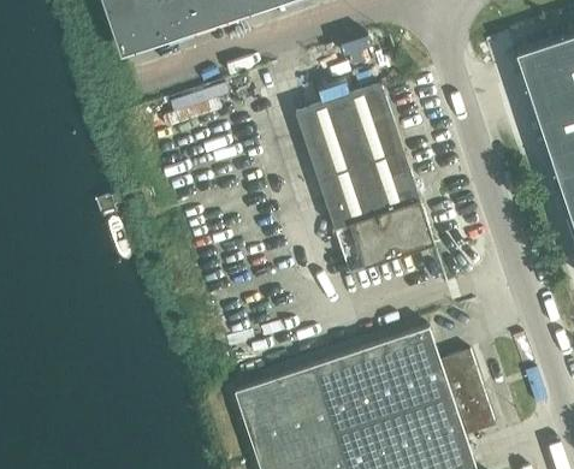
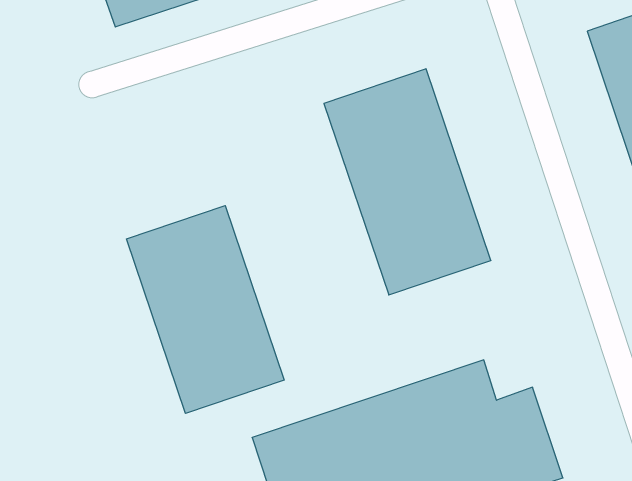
building: none -> [127,206,284,413]

